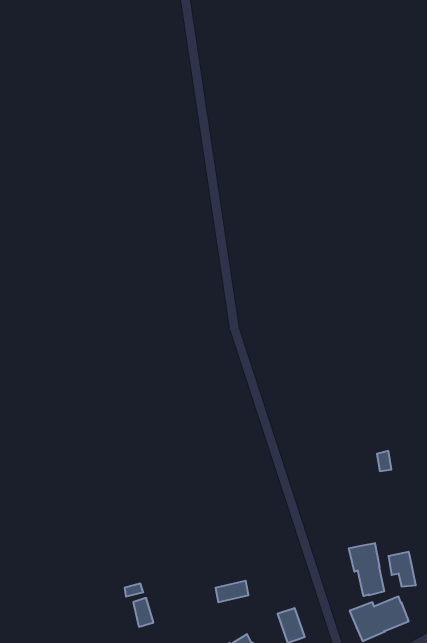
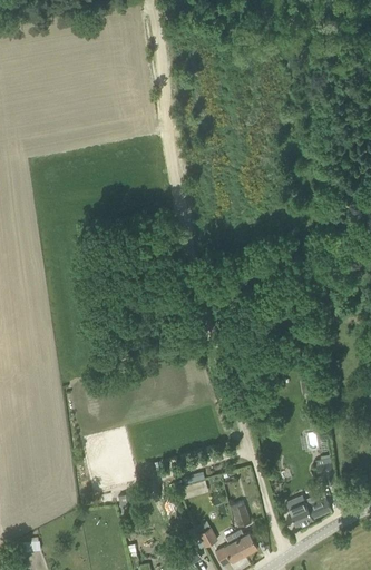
building: [349,543,384,596] -> none

